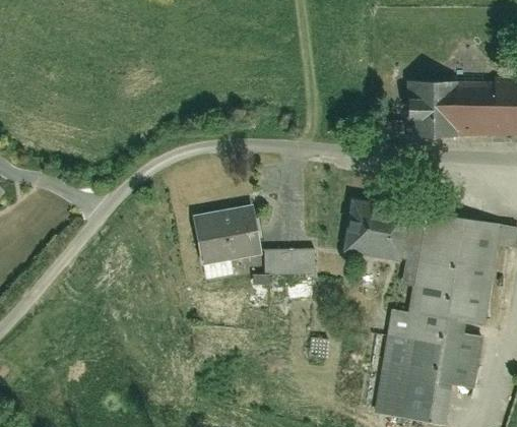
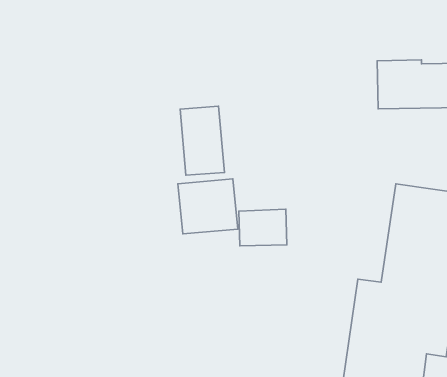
building: none -> [180,106,224,175]
building: [345,198,404,257] -> none

